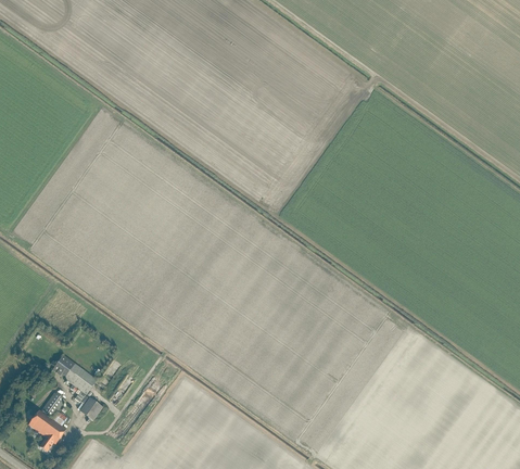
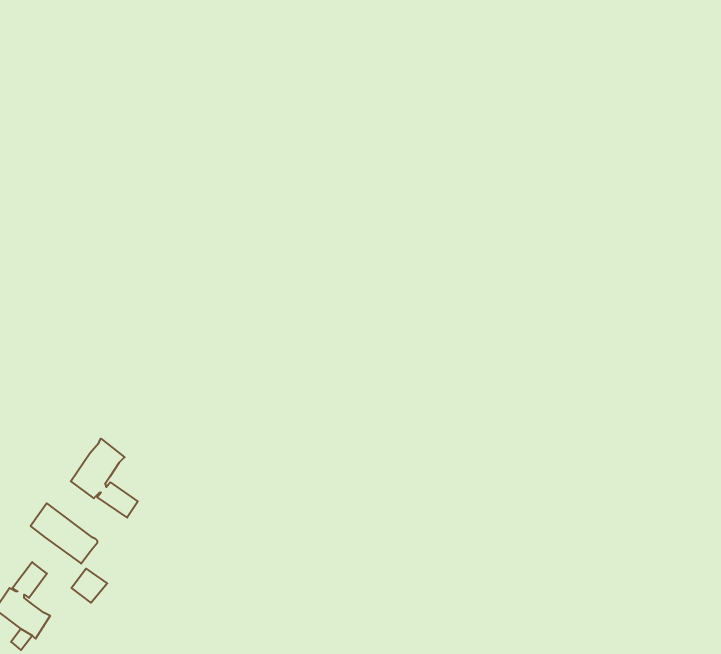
building: none -> [71,439,138,518]

